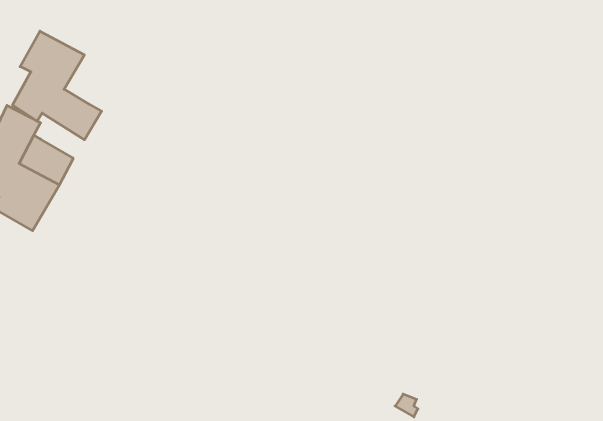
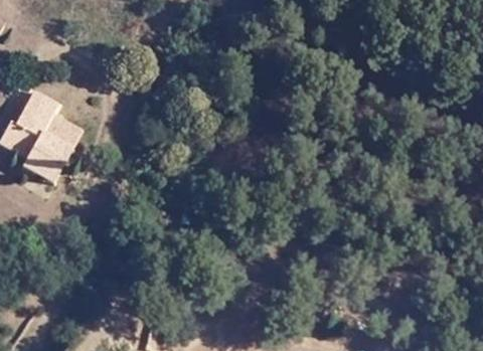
building: [13,31,102,140] -> none

